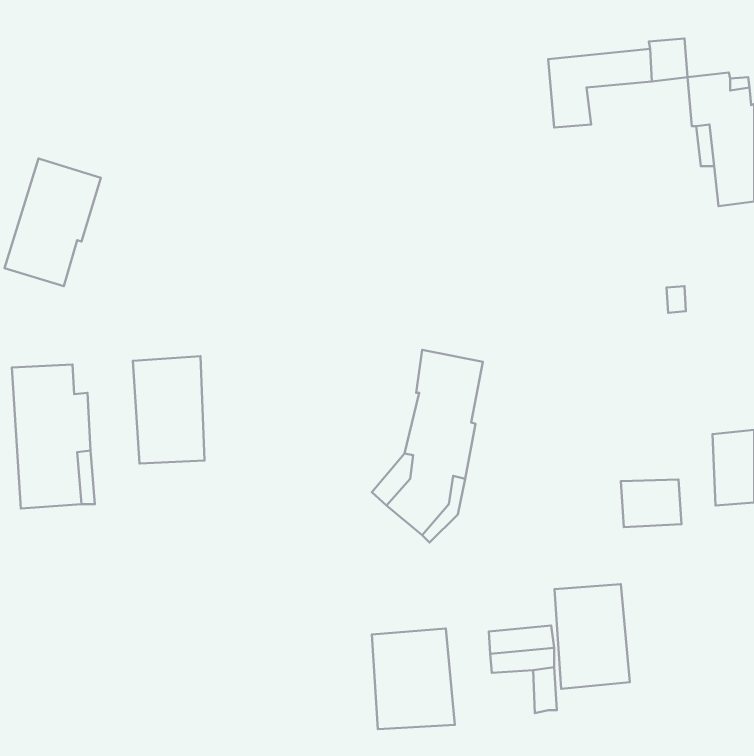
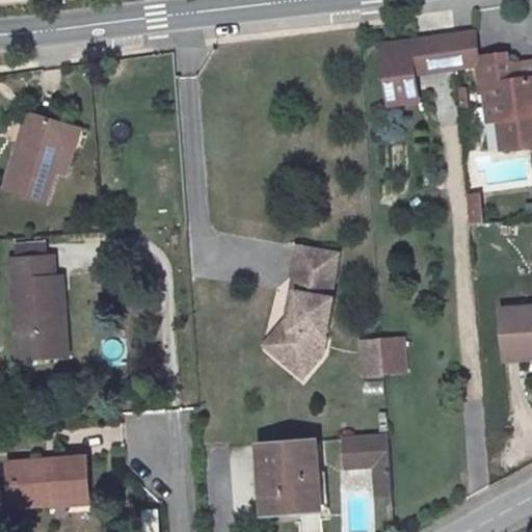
building: [133,356,205,463] -> none
building: [621,480,682,527] -> [360,340,402,373]
building: [555,584,630,689] -> none
building: none -> [7,457,88,507]

